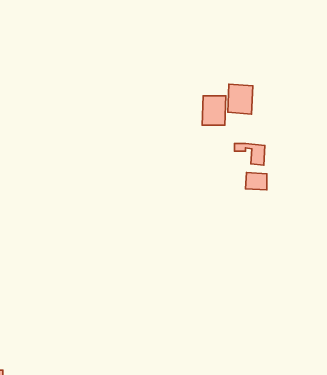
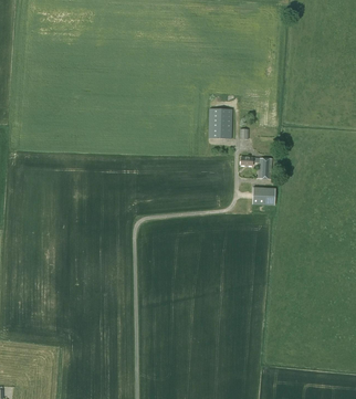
building: [228,84,253,114] -> none

